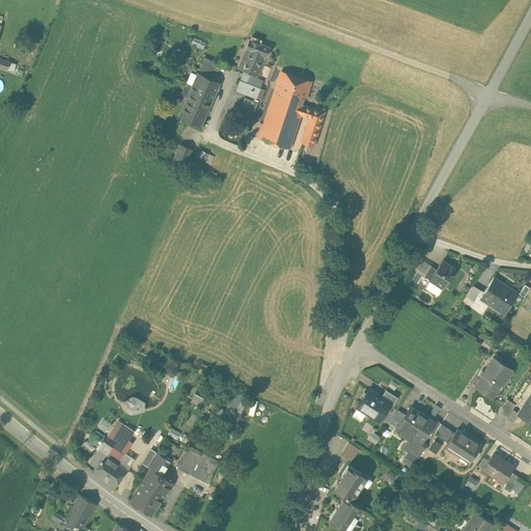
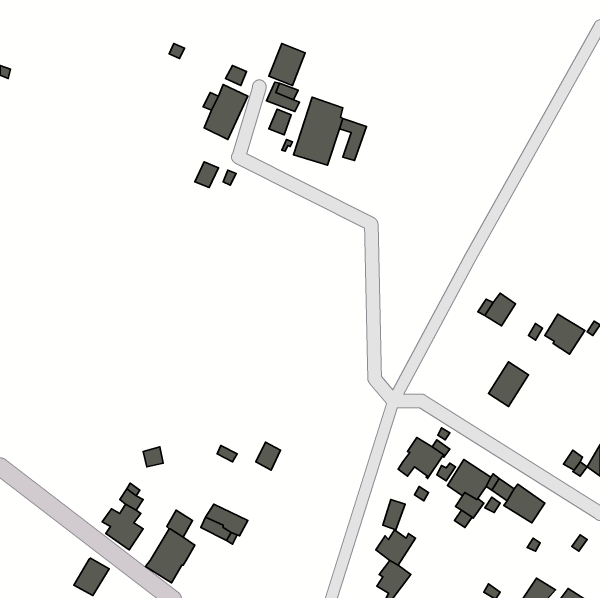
building: [276,72,311,97] -> none
building: [475,359,510,398] -> [489,362,529,407]
building: [481,453,512,483] -> none

